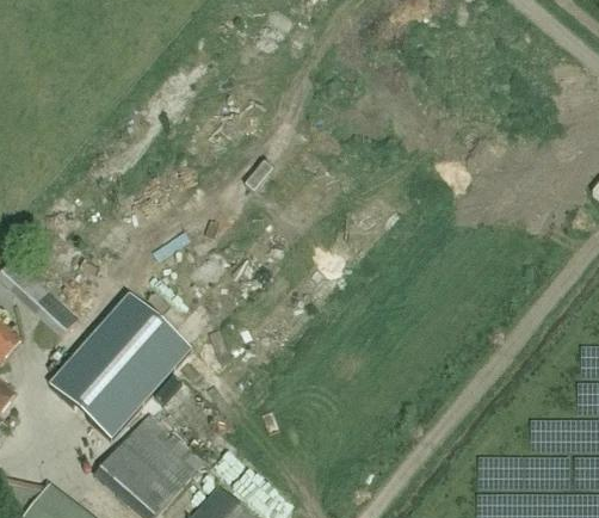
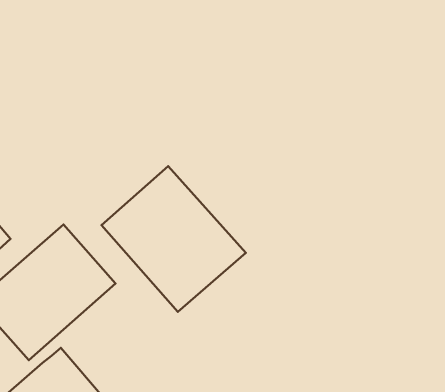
building: none -> [102,166,246,312]

